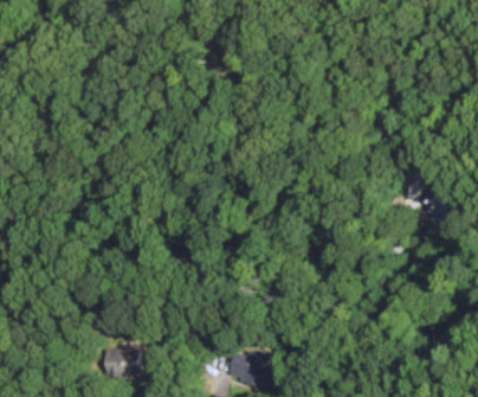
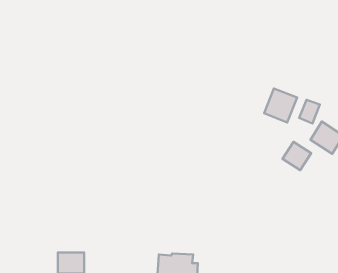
building: none -> [264,88,297,122]
building: none -> [283,142,311,170]

